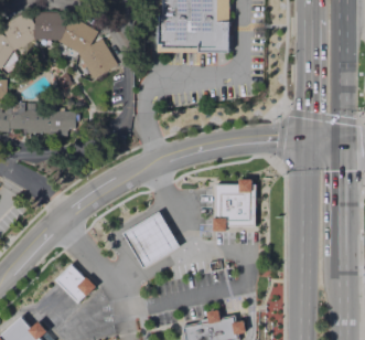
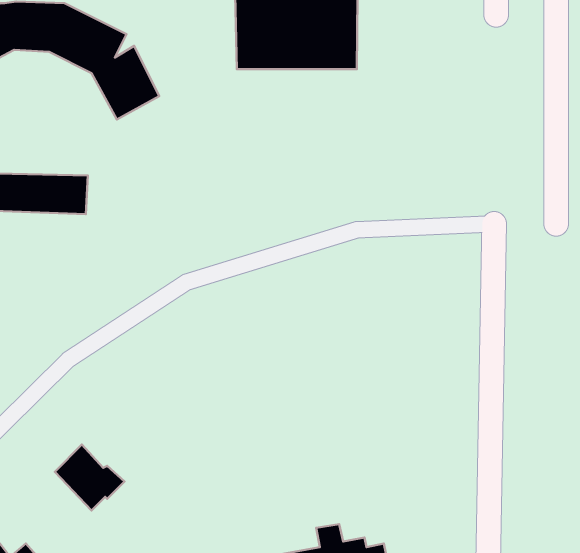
building: [214,180,255,230] -> none
building: [124,213,180,269] -> none

